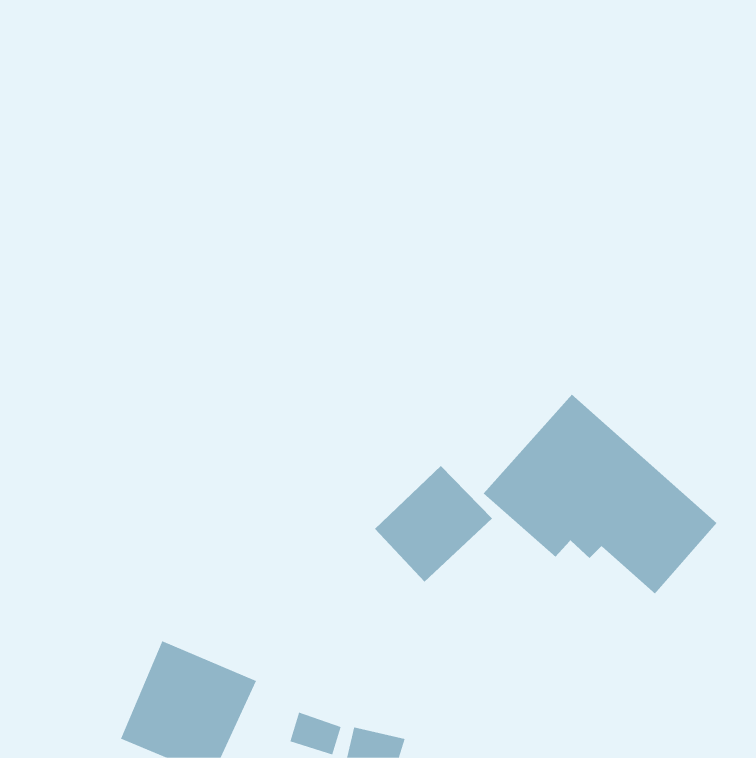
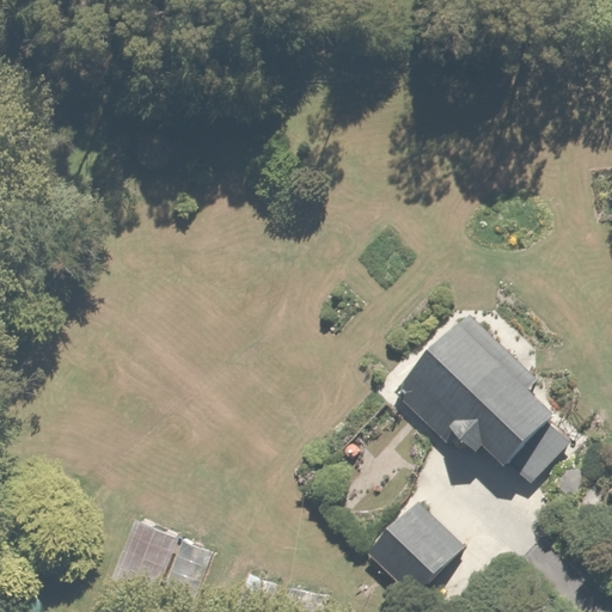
building: [374,465,493,582] -> [367,502,463,596]

